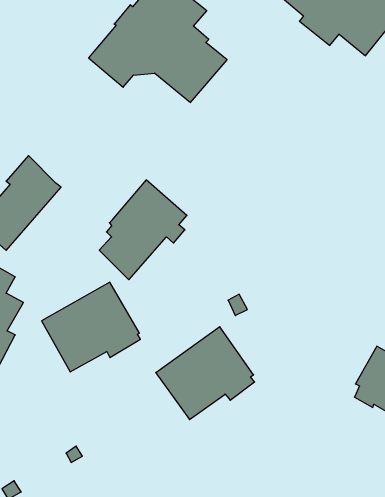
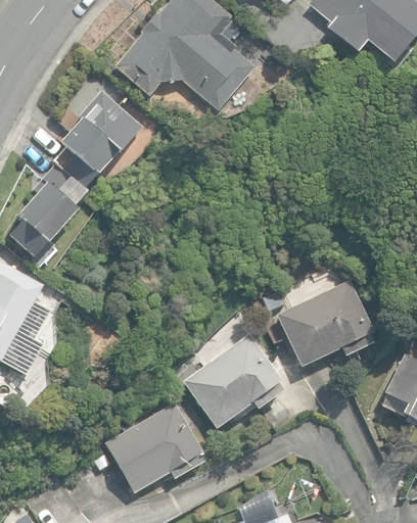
building: [99,180,187,280] -> [54,90,142,190]
building: none -> [278,279,375,365]
building: [42,282,140,372] -> [106,402,205,492]

